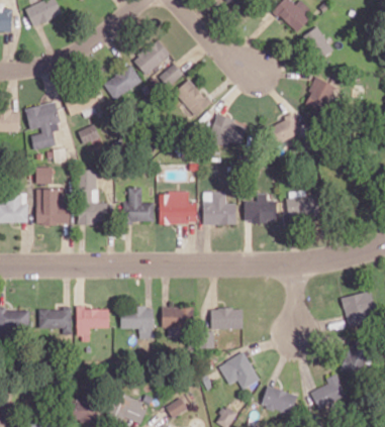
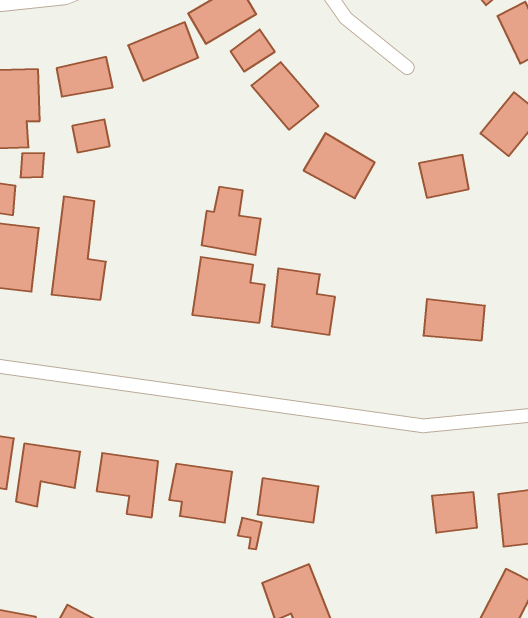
building: [123,188,154,222] -> [202,187,261,255]
building: [244,193,276,222] -> none
building: none -> [432,492,477,533]

